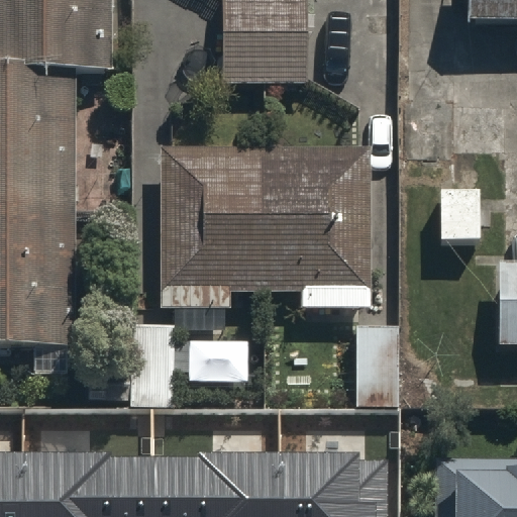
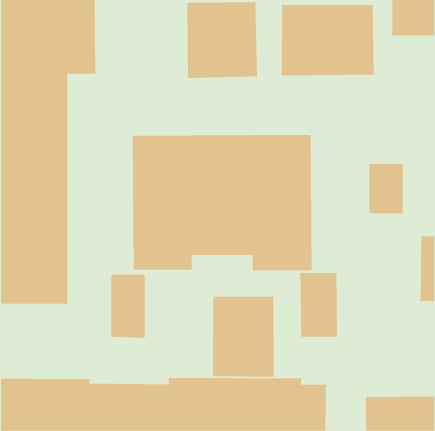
building: none -> [281,4,374,76]
building: none -> [213,296,274,378]

